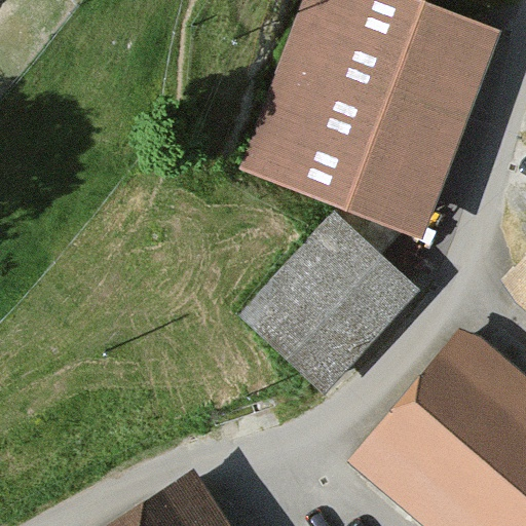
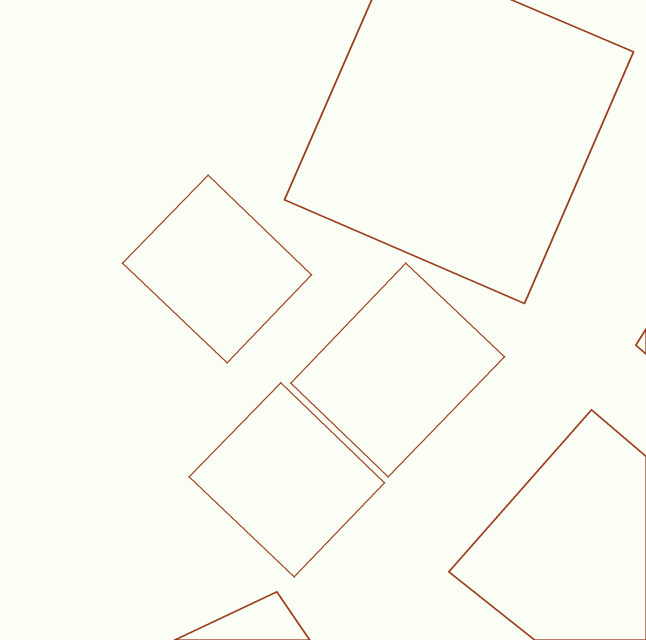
building: none -> [123,175,312,363]
building: none -> [189,383,384,577]

